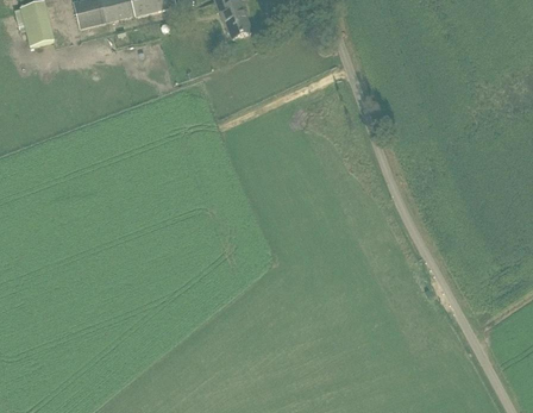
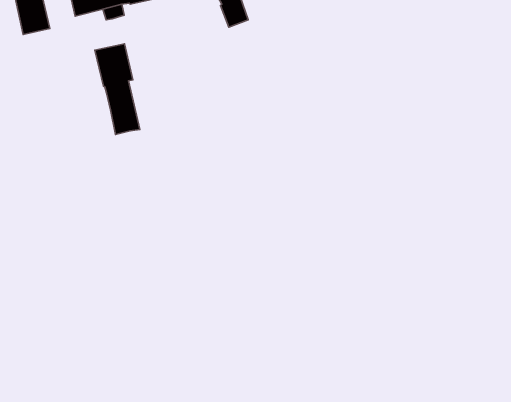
building: none -> [95,44,140,135]

